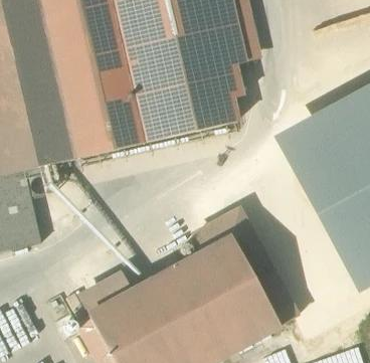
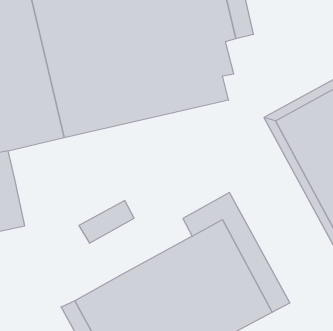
building: [78,274,132,315] -> [79,201,134,243]

